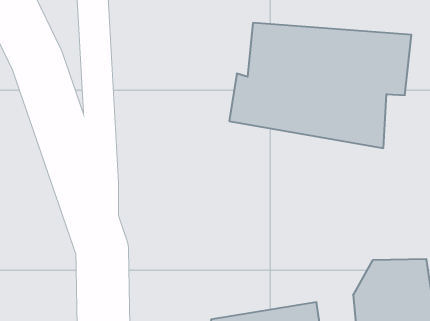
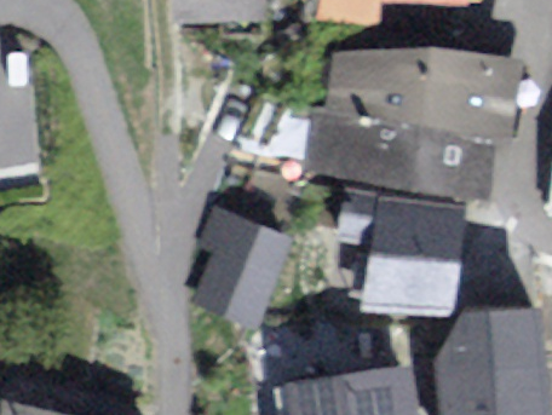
building: none -> [367,202,461,316]
building: none -> [194,212,288,325]

